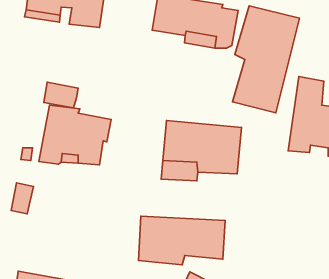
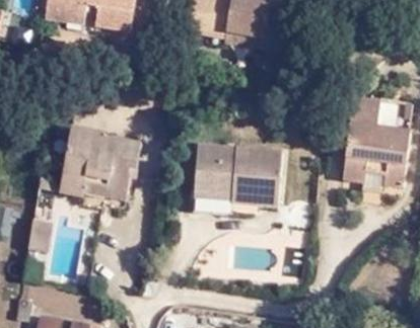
building: [233,6,299,113] -> none
building: [44,82,78,108] -> none
building: [138,216,225,265] -> none

